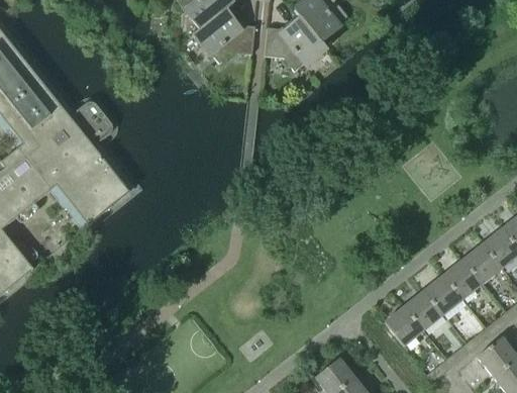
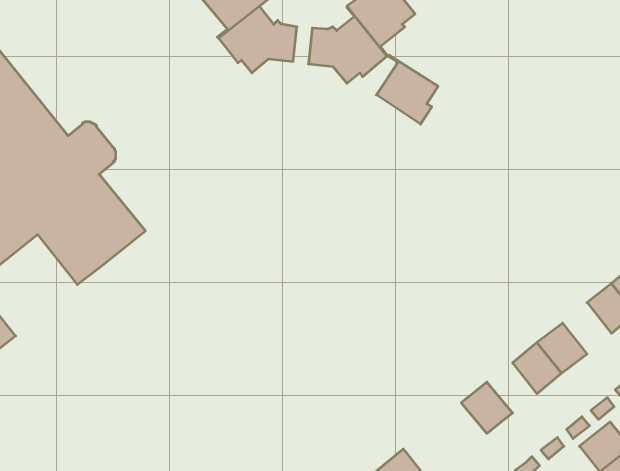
building: none -> [376,55,438,124]
building: [463,243,502,284] -> none
building: [404,291,443,330] -> none

